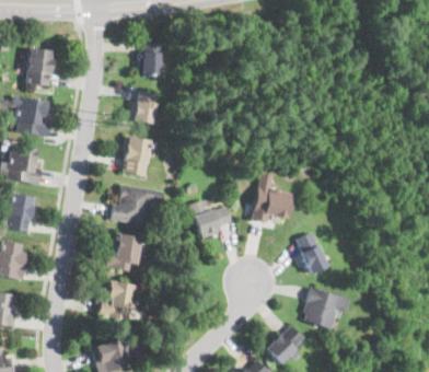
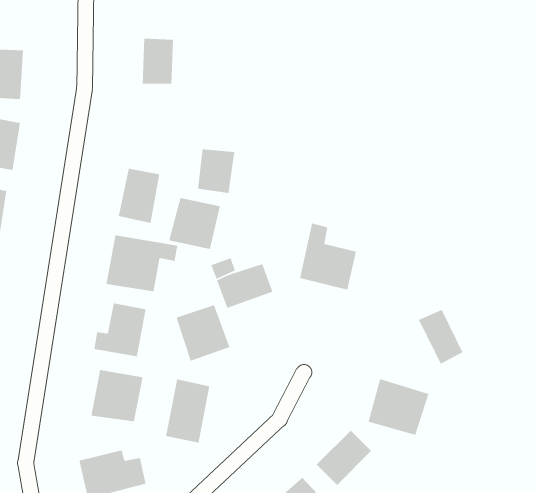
building: [132,91,160,124] -> [197,148,235,194]
building: none -> [168,197,221,250]
building: [295,233,328,274] -> [418,309,463,365]
building: none -> [175,304,230,362]
building: none -> [165,379,210,444]

